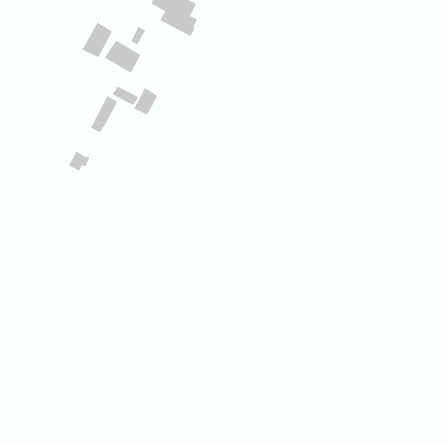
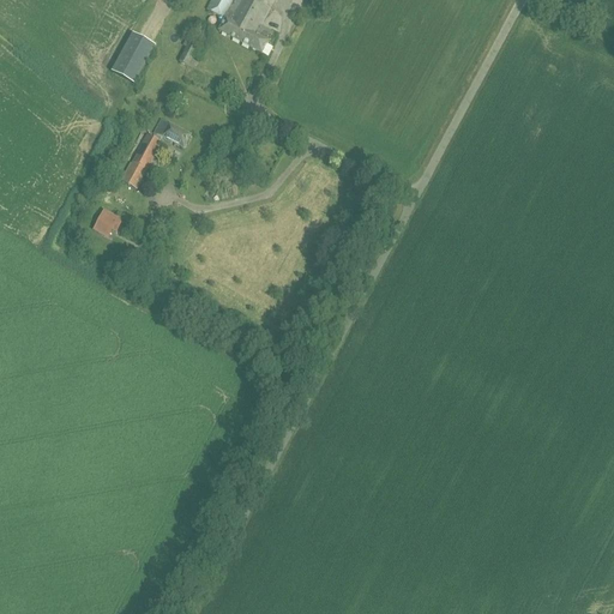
building: [104,40,141,73] -> none
building: [133,87,158,115] -> none

